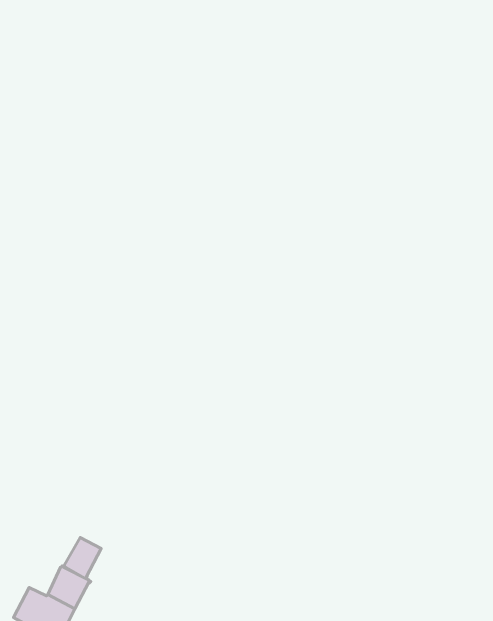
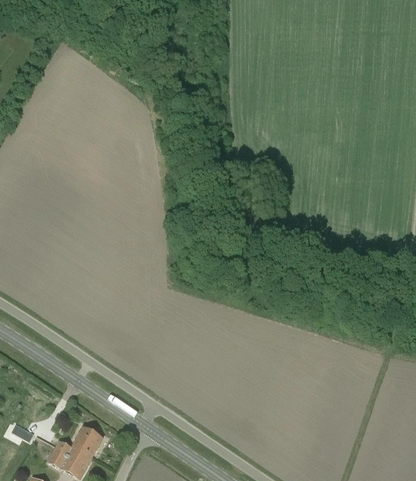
building: [64,537,101,578] -> none

